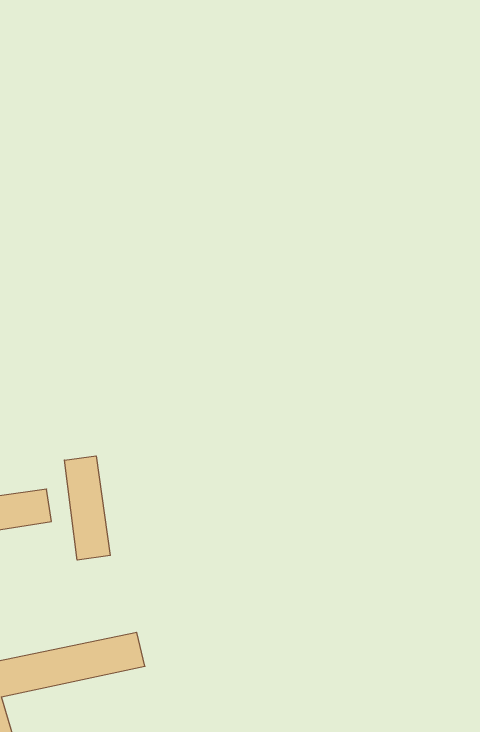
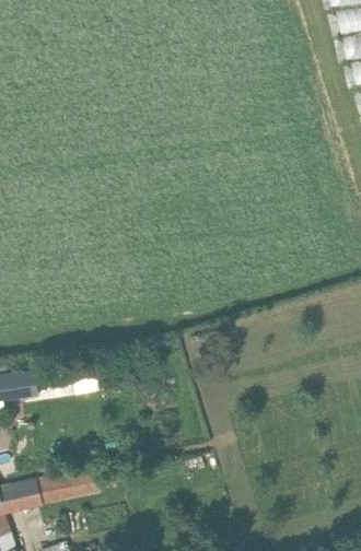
building: [64,456,110,560] -> none

